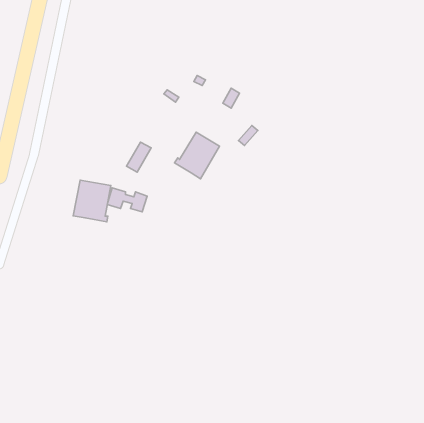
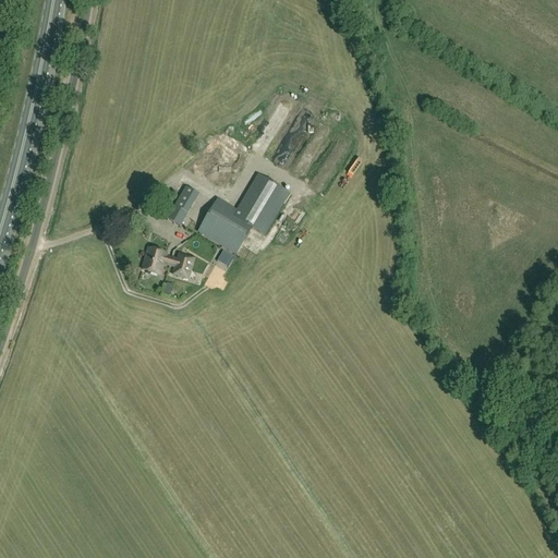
building: none -> [197,198,251,253]
building: [73,180,111,222] -> none

